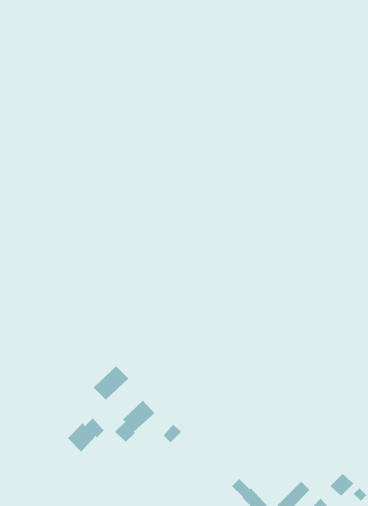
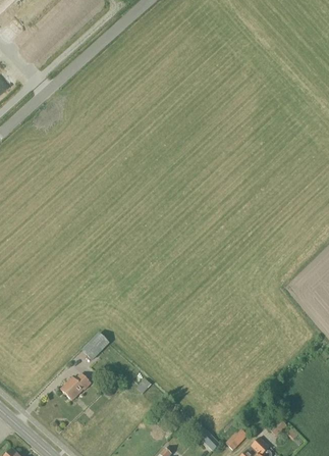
building: [114,400,155,442] -> none

